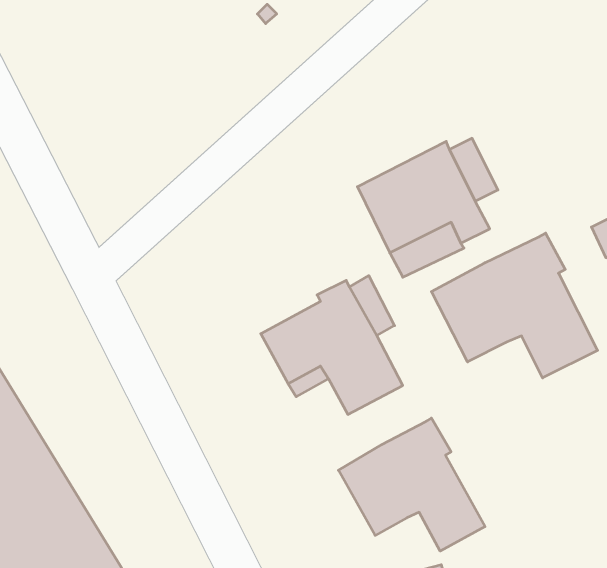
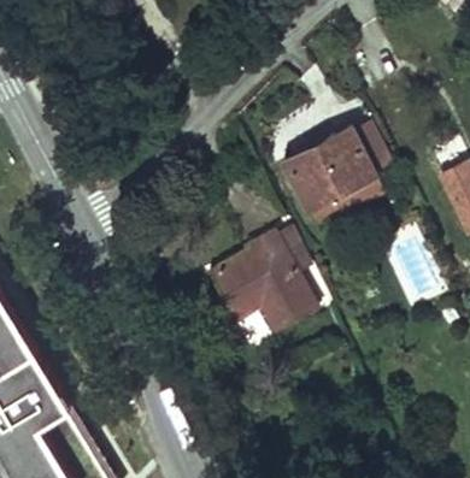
building: [431,233,598,378] -> none
building: [338,418,485,551] -> none

